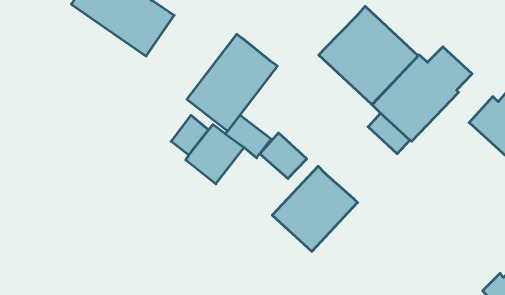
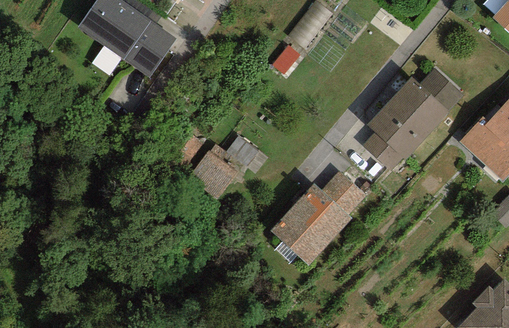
building: [319,6,418,105] -> none
building: [187,34,277,131] -> none
building: [260,133,307,179] -> [321,170,366,214]

